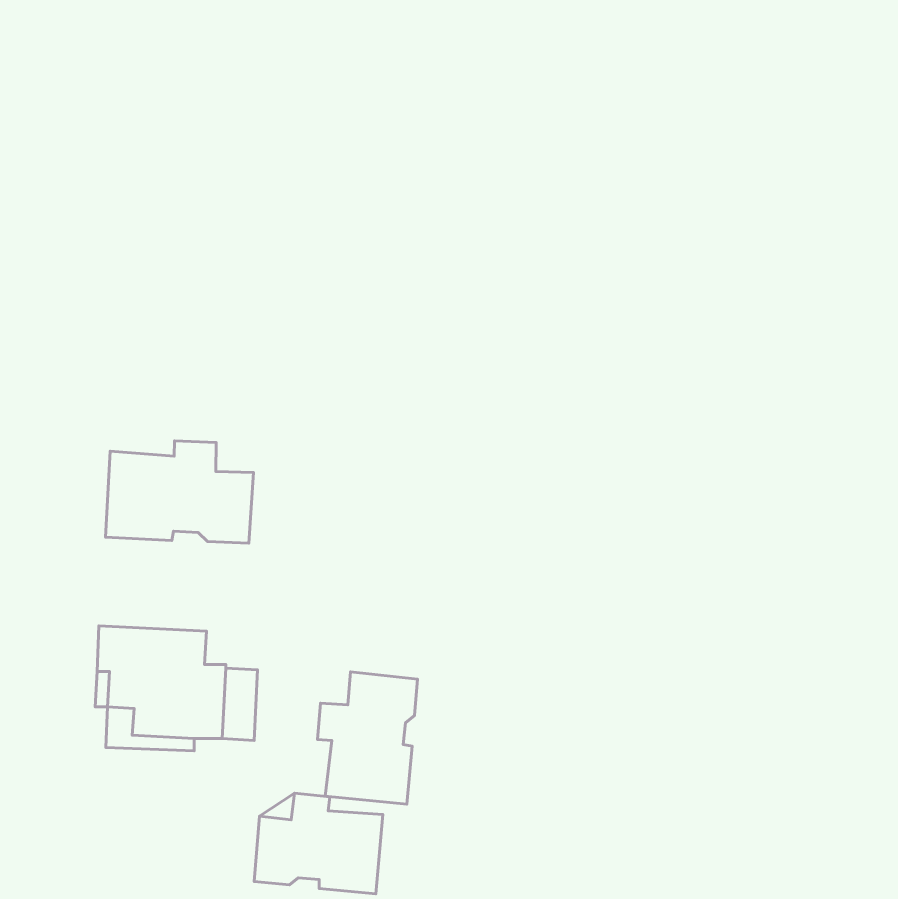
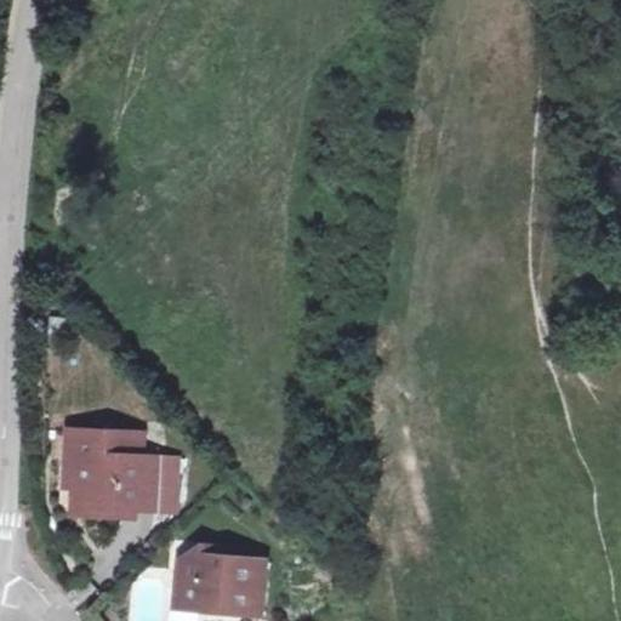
building: [105,441,253,543] -> none
building: [317,672,418,804] -> none

